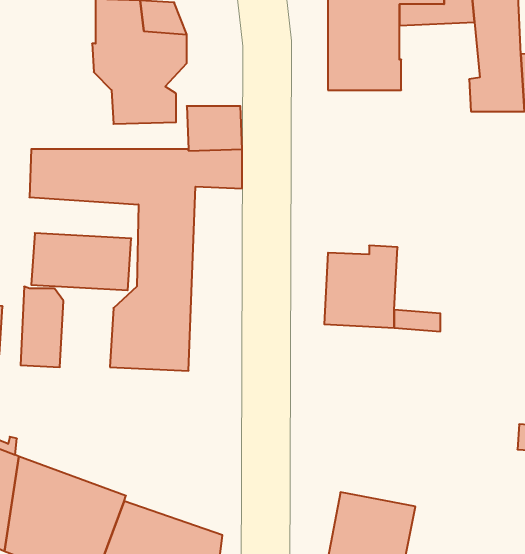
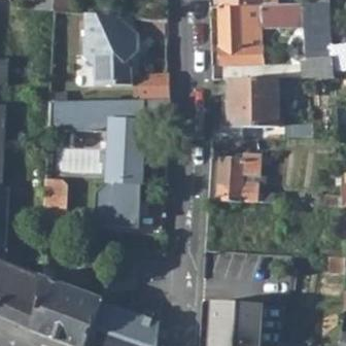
building: none -> [229,78,279,128]

